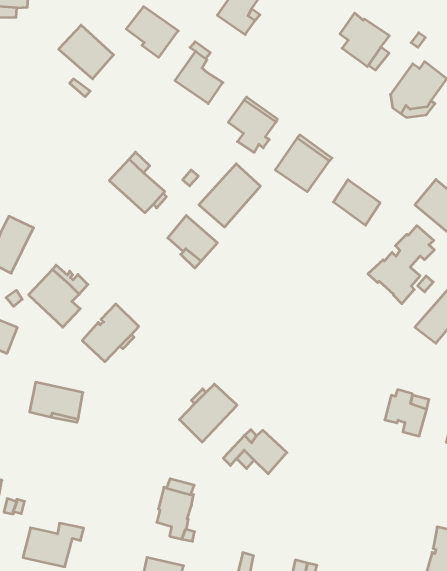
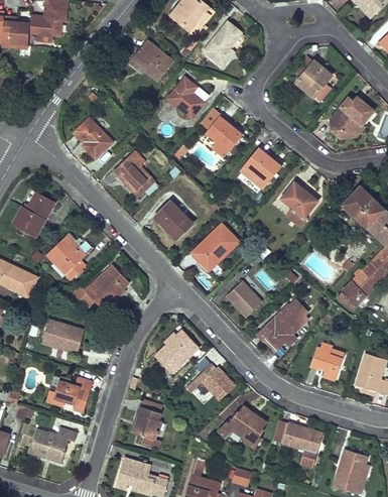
building: [59,25,114,79] -> [71,117,112,158]
building: [199,164,260,227] -> [190,223,238,270]
building: [368,226,434,304] -> [256,299,307,358]
building: none -> [226,281,261,317]
building: none -> [45,377,92,411]
building: none -> [217,405,266,448]
building: none -> [272,422,322,466]

